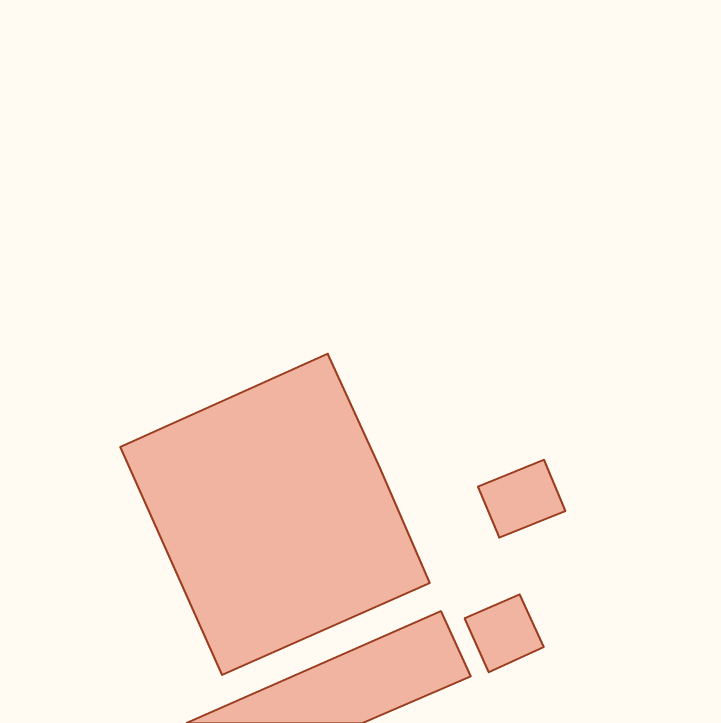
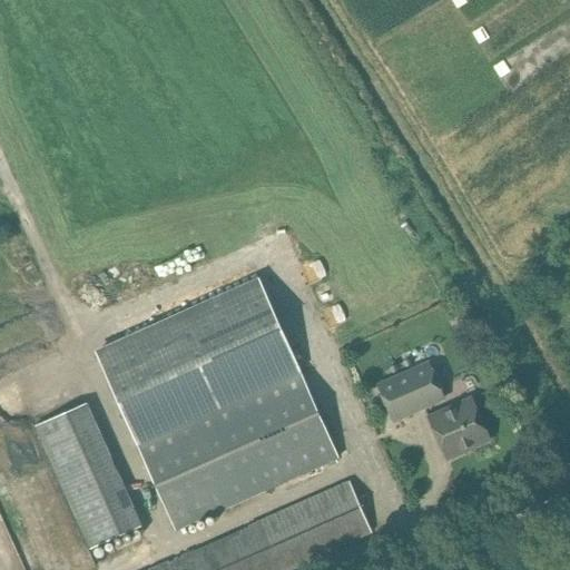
building: none -> [35,402,142,550]
building: [465,594,544,672] -> [428,399,490,460]

